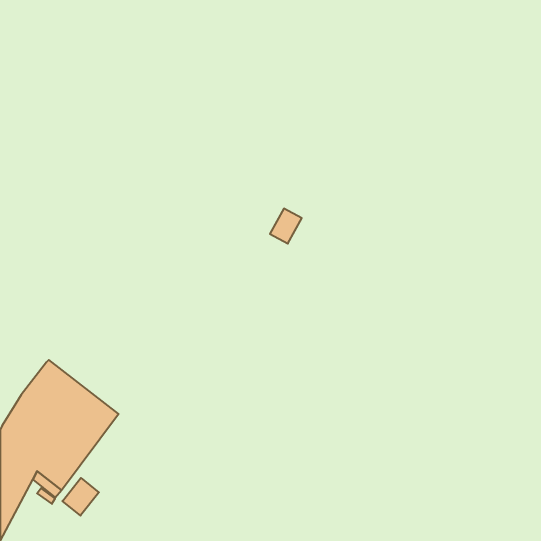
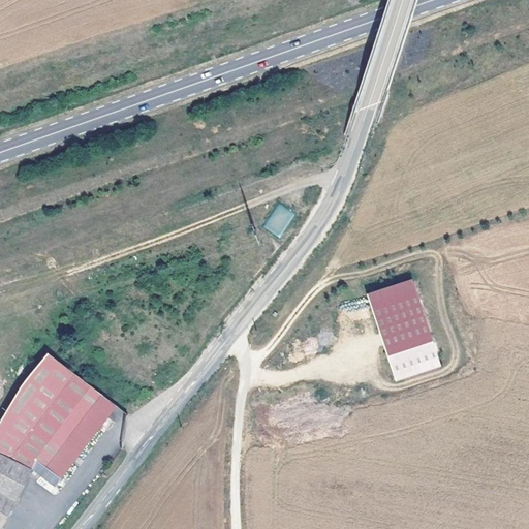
building: none -> [367,279,440,380]
building: [62,478,99,516] -> none

